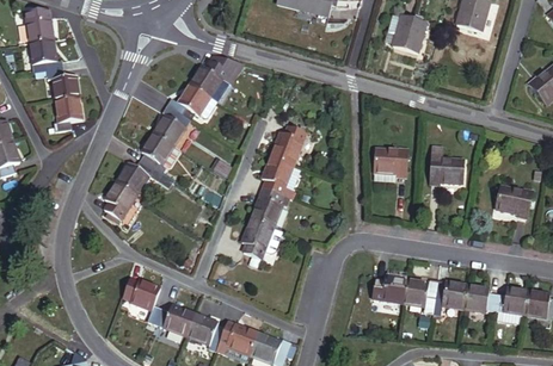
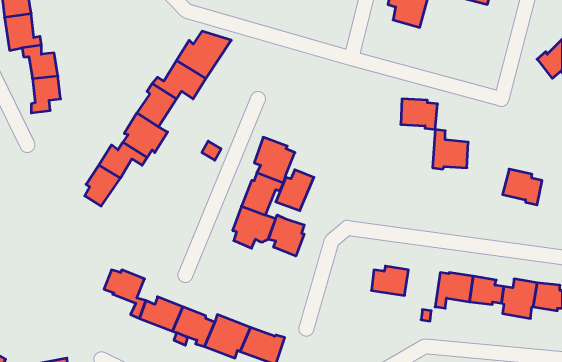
building: [271,125,307,163] -> [276,170,314,211]
building: [374,149,408,178] -> [401,99,438,130]
building: none -> [268,215,304,256]
building: [404,279,437,314] -> none

